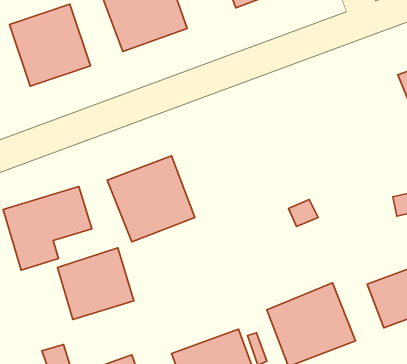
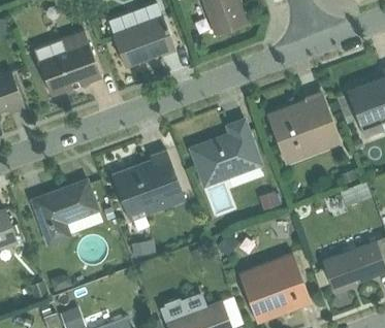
building: none -> [269,96,338,164]
building: none -> [188,117,263,189]
building: [58,248,134,319] -> none

